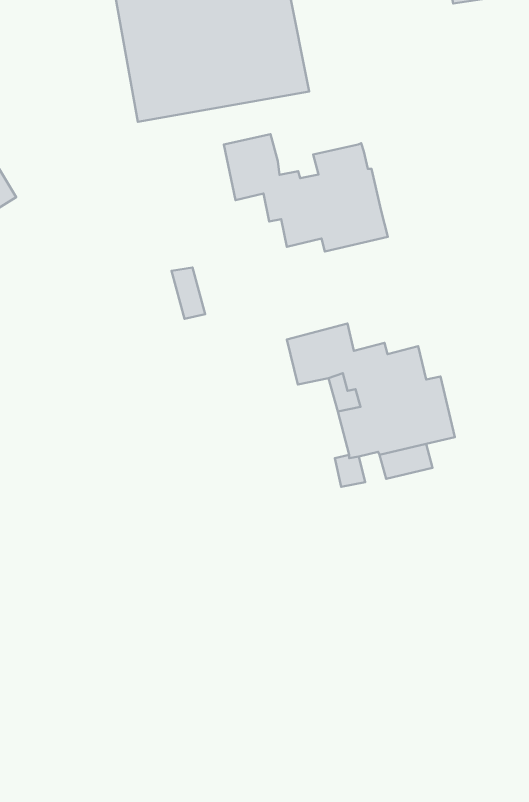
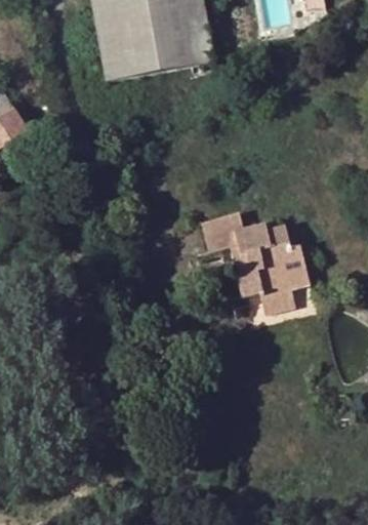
building: [224,134,388,252] -> none

